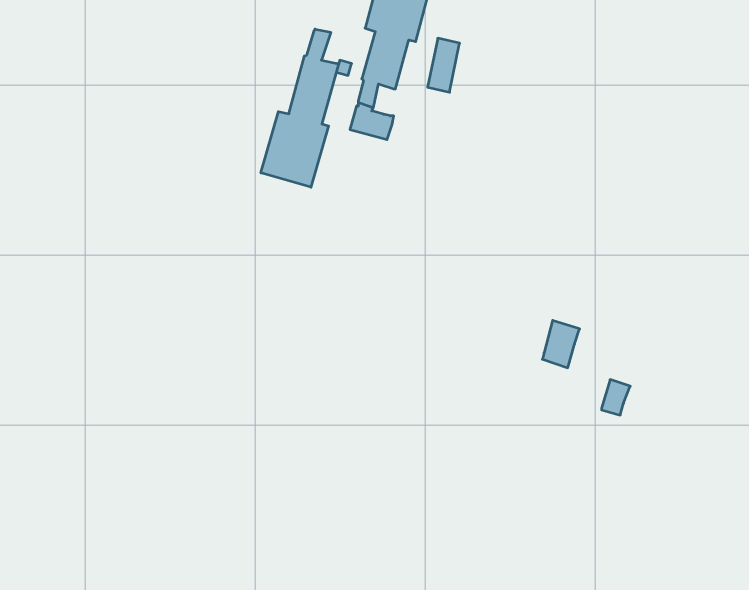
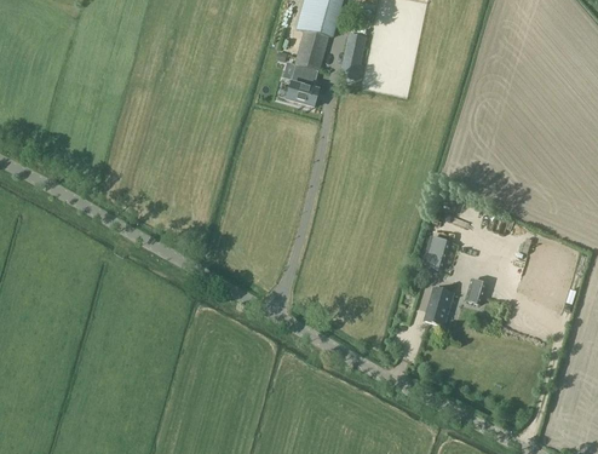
building: [261,29,338,187] -> none
building: none -> [426,286,455,323]

